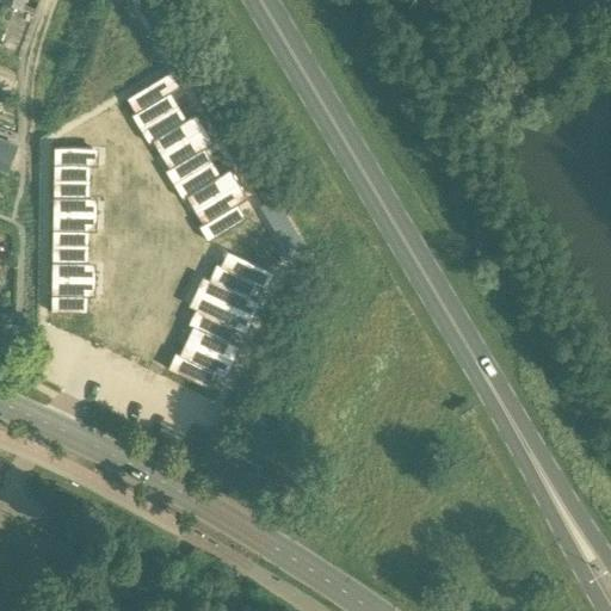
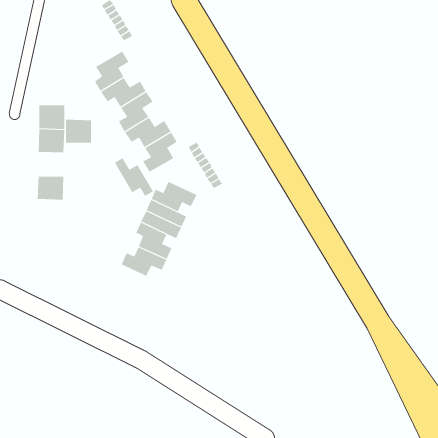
building: [53,211,90,245] -> [65,119,92,143]
building: none -> [114,157,154,197]
building: [51,277,88,311] -> none

